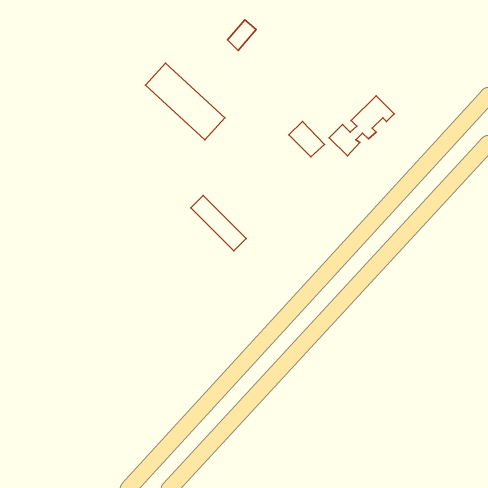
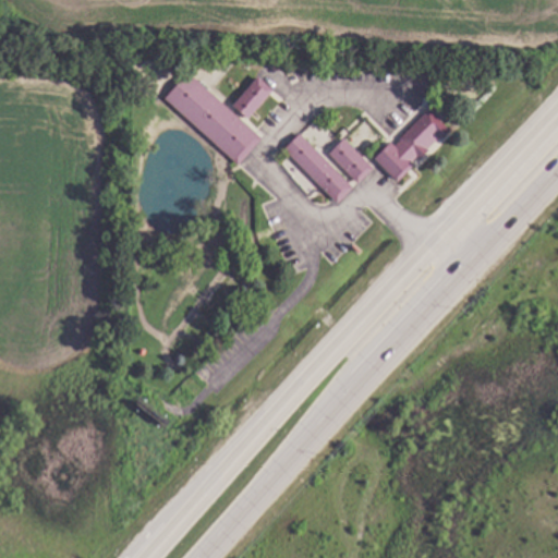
building: [228,20,256,50] -> [235,84,268,119]
building: [191,195,246,251] -> [286,135,349,198]

